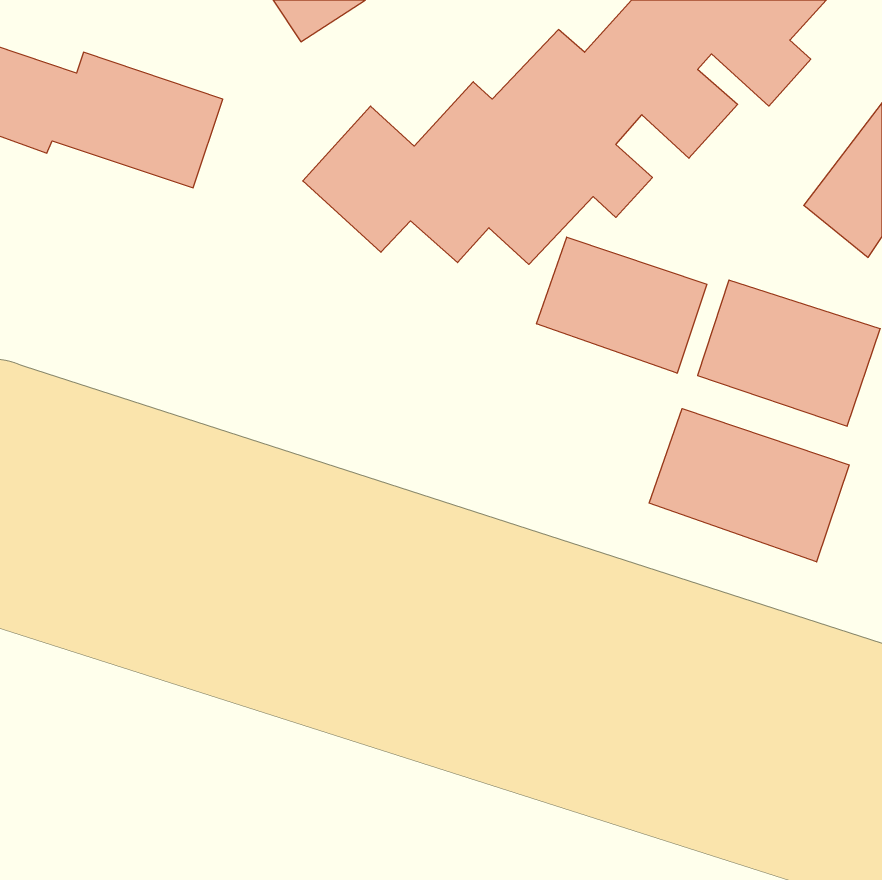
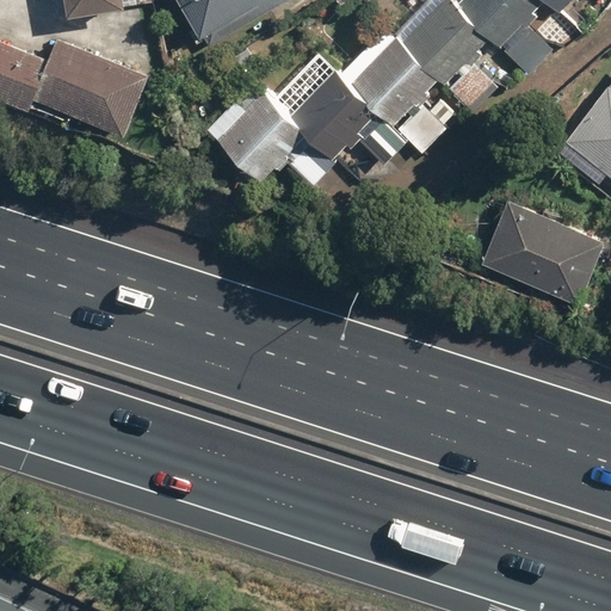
building: [537,237,707,373] -> none
building: [649,409,849,562] -> none

